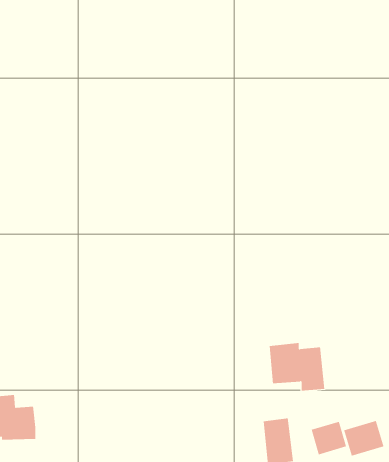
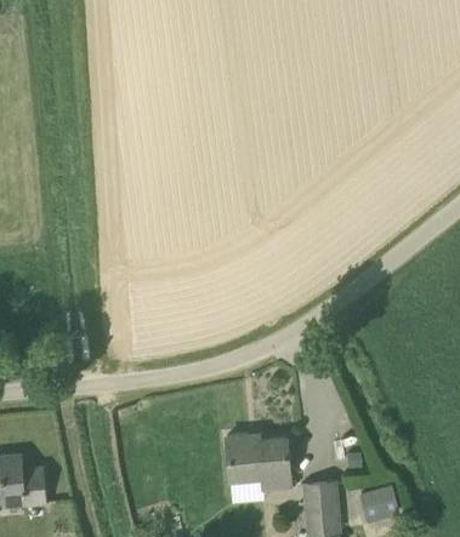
building: [269,343,325,391] -> [227,433,291,489]
building: [343,420,384,456] -> none

